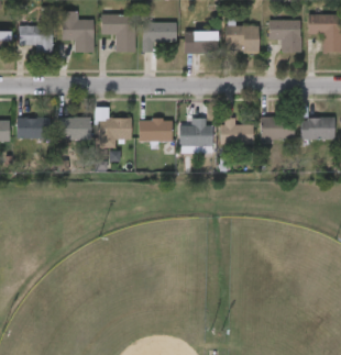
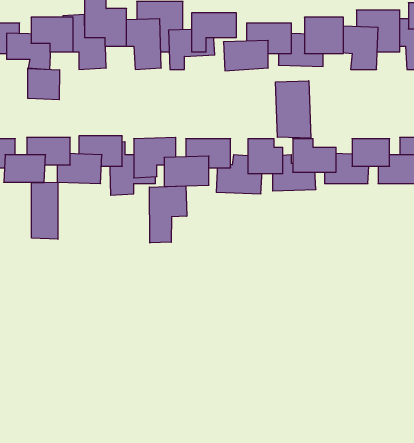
building: none -> [28,68,59,100]
building: none -> [276,81,311,138]
building: none -> [32,182,58,239]
building: none -> [149,186,187,243]

